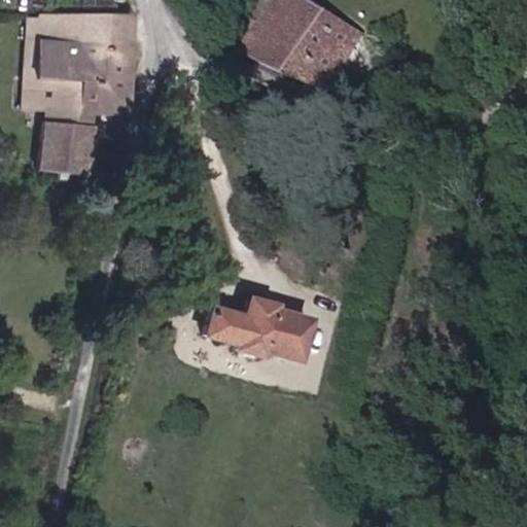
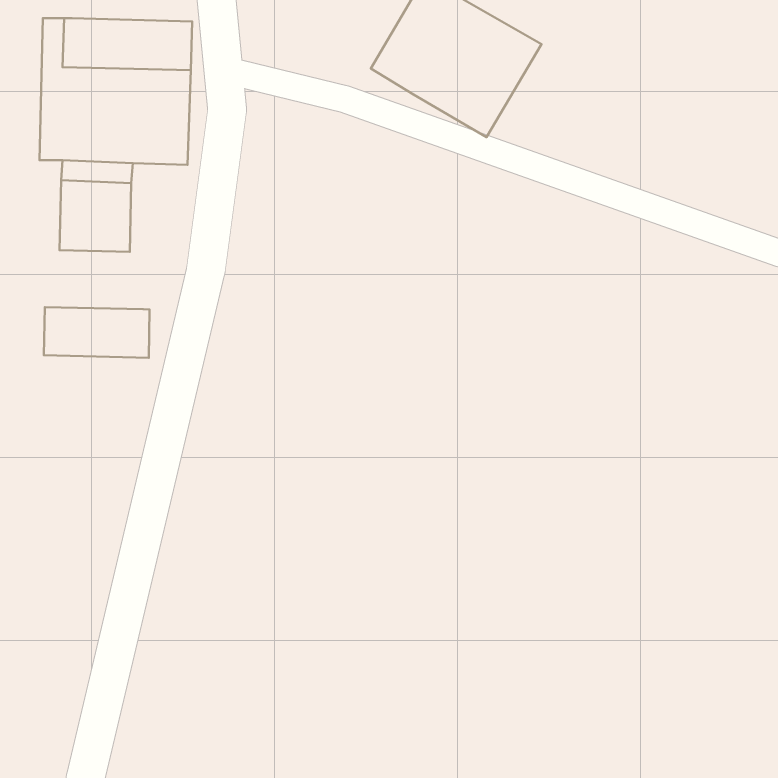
building: none -> [44,307,149,358]
building: [205,297,312,357] -> none

